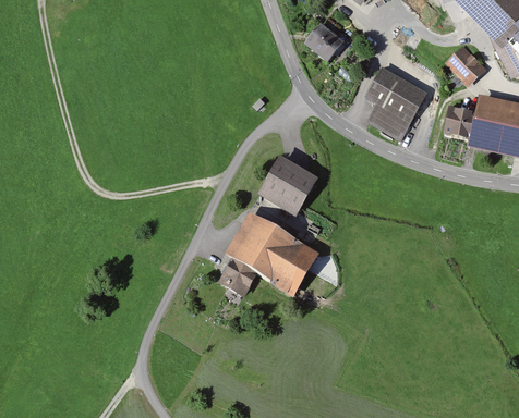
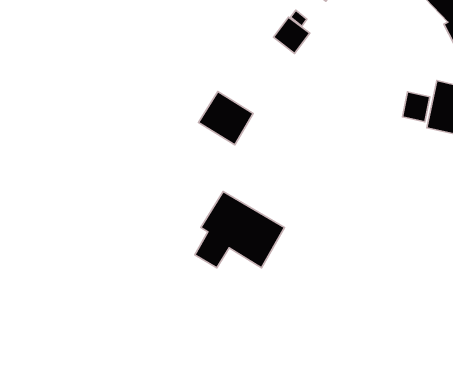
building: [445,46,487,88] -> none
building: [369,70,425,137] -> none
building: [257,156,316,213] -> [199,91,253,145]

